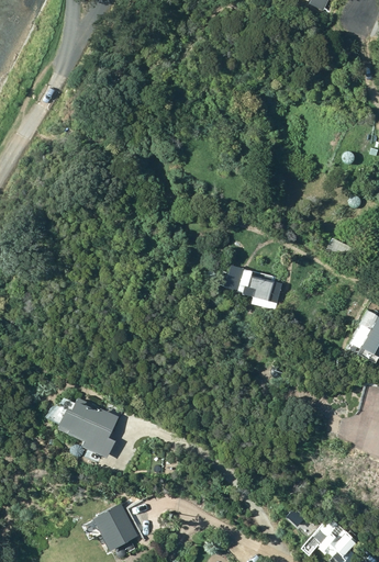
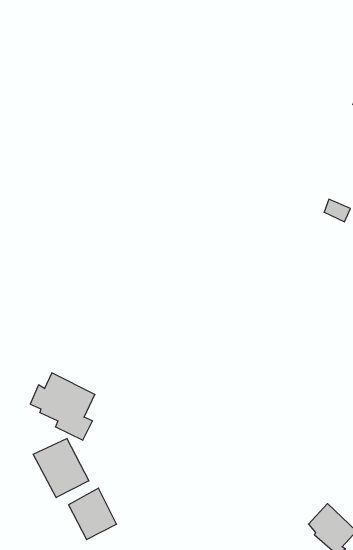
building: [224,266,281,310] -> none
building: none -> [33,438,89,498]

